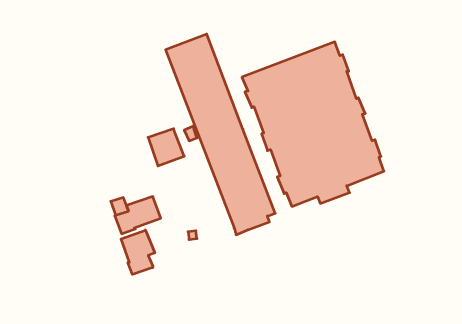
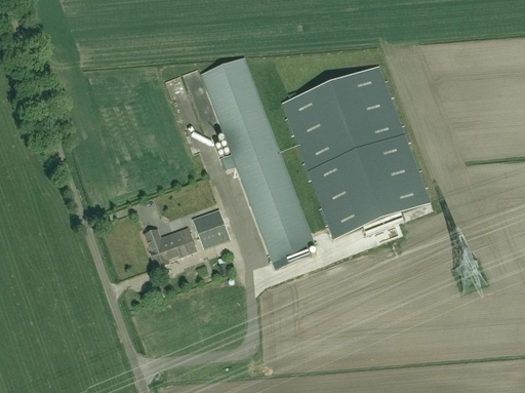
building: [148,129,184,166] -> [191,208,229,247]
building: [121,230,155,274] -> none

